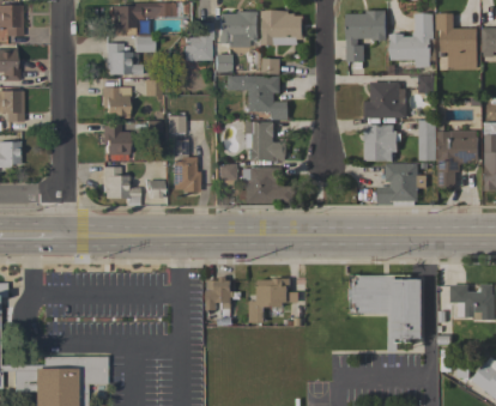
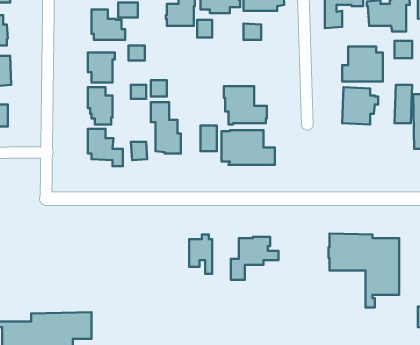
building: [225,77,289,120] -> none
building: [379,163,428,205] -> none

